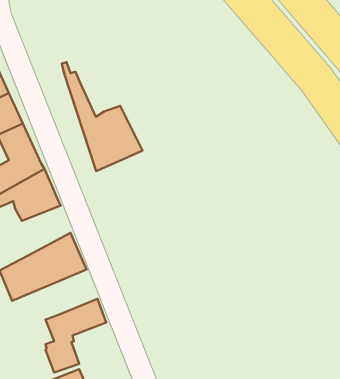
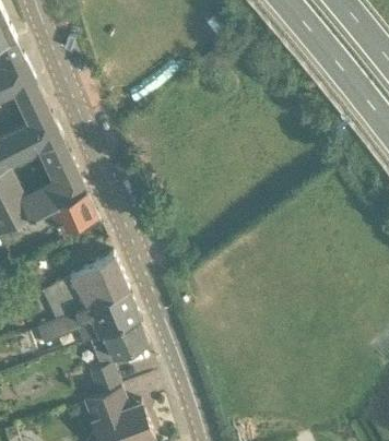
building: [62,62,143,171] -> none
building: none -> [52,290,140,339]

